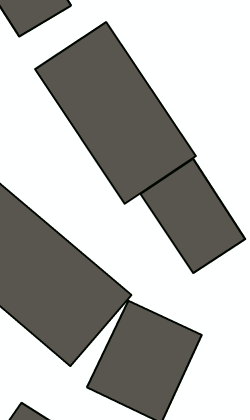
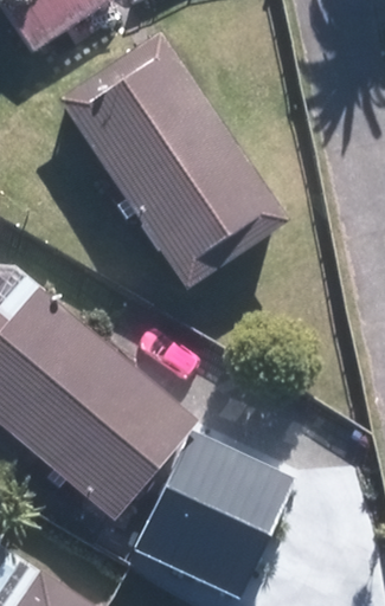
building: [141,159,245,273] -> none

